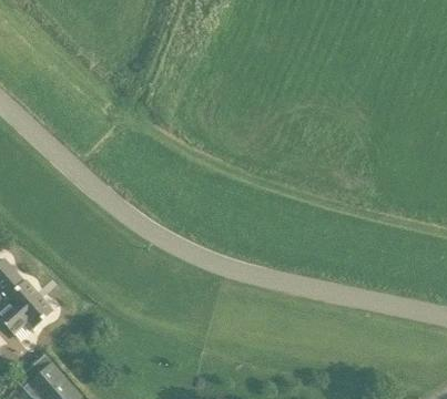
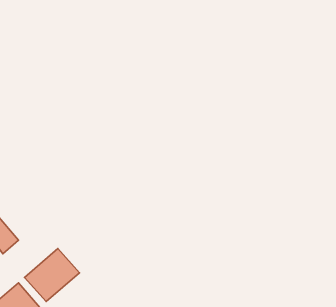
building: none -> [25,248,80,302]

